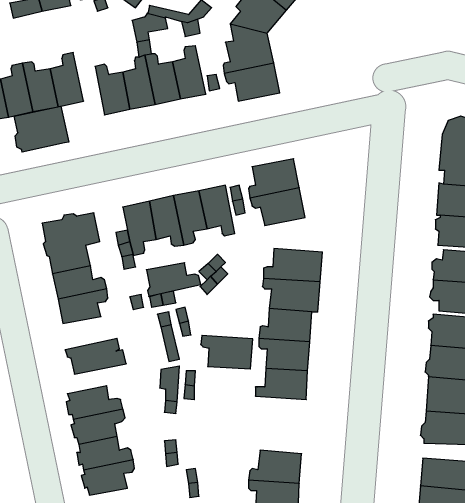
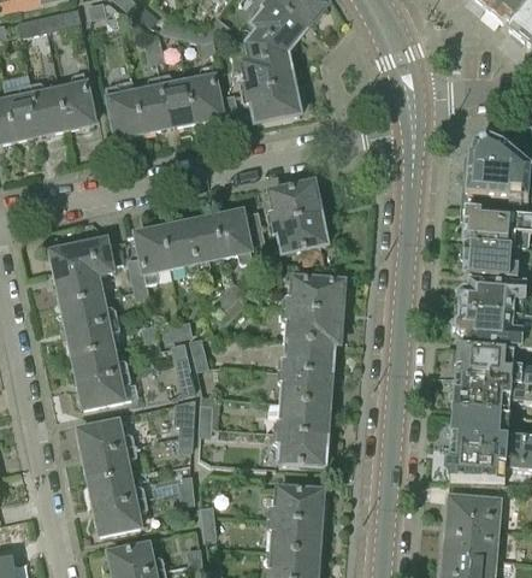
building: [14,106,69,152] -> none
building: [146,263,201,296] -> [73,347,130,382]
building: [201,335,253,369] -> [273,430,327,465]

